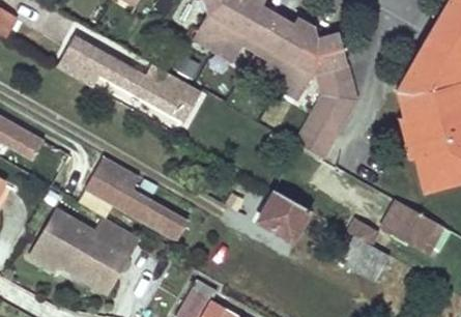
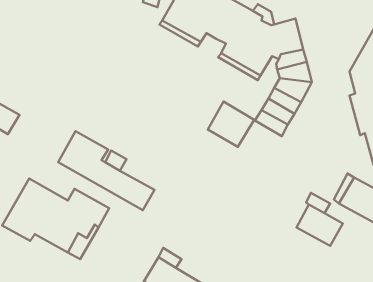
building: [56,32,199,120] -> none
building: [259,189,309,237] -> [208,101,254,147]

